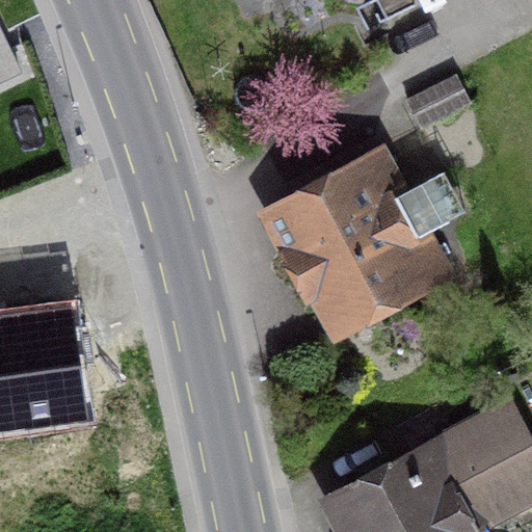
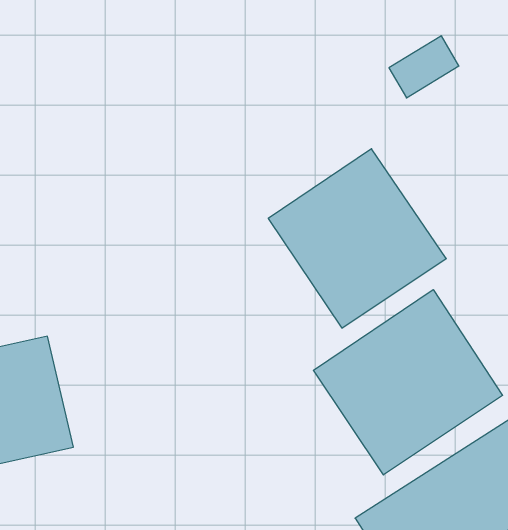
building: none -> [313,290,503,475]

